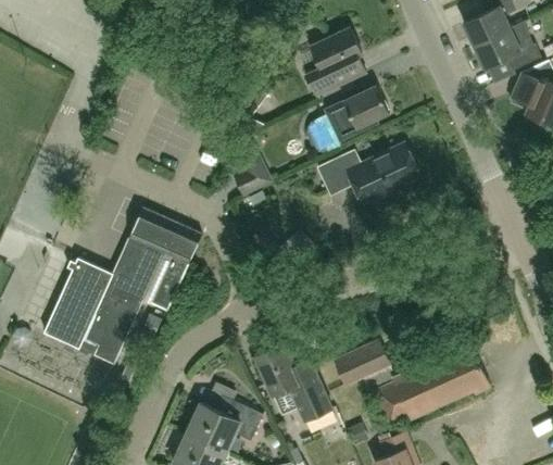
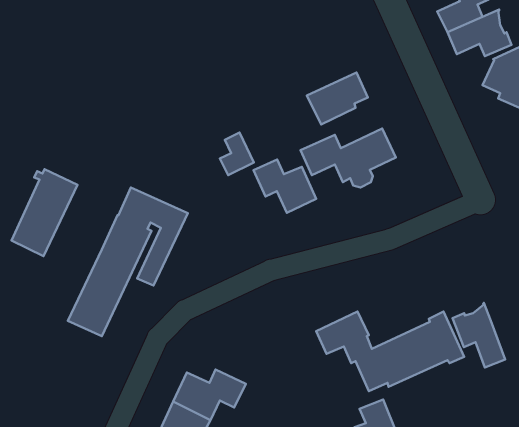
building: [304,27,366,95] -> none
building: none -> [254,159,316,213]
building: [41,256,111,348] -> [11,169,78,256]
building: none -> [452,303,505,367]
building: [256,341,332,420] -> none

